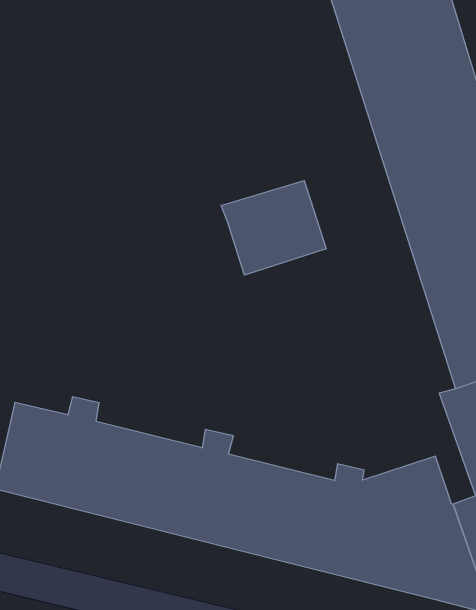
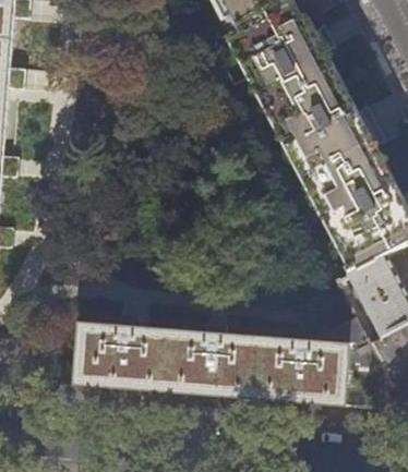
building: [221,181,326,275] -> none

